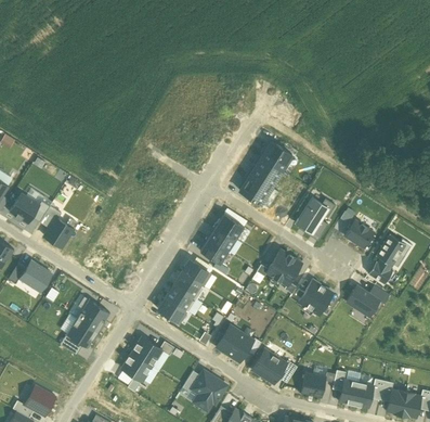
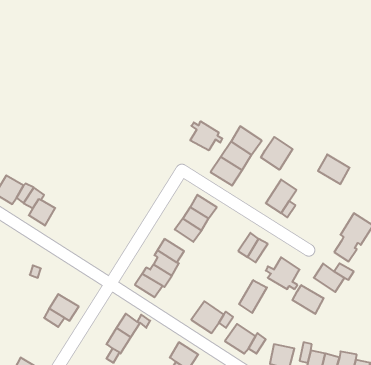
building: none -> [190,121,222,150]
building: none -> [261,137,293,170]
building: [342,217,376,248] -> [318,154,350,184]
building: [18,263,53,295] -> none
building: [76,299,109,332] -> none
building: none -> [239,280,267,313]
building: none -> [292,285,324,314]

